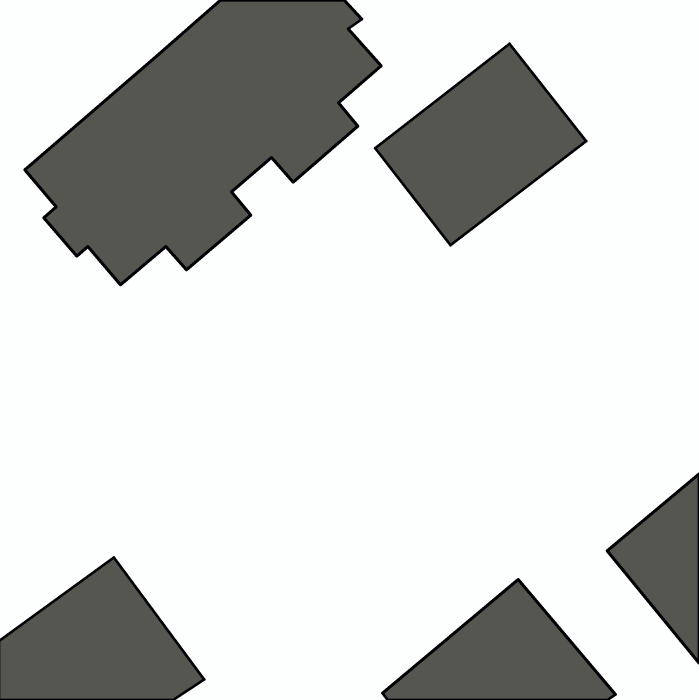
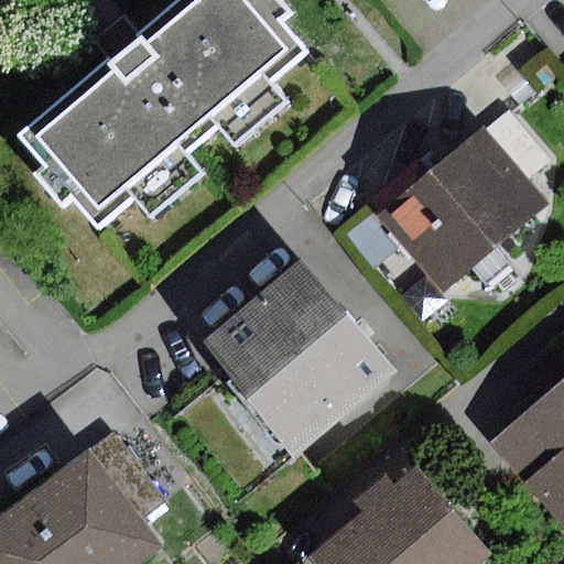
building: [375,44,586,245] -> [378,131,547,293]
building: none -> [200,260,395,456]

